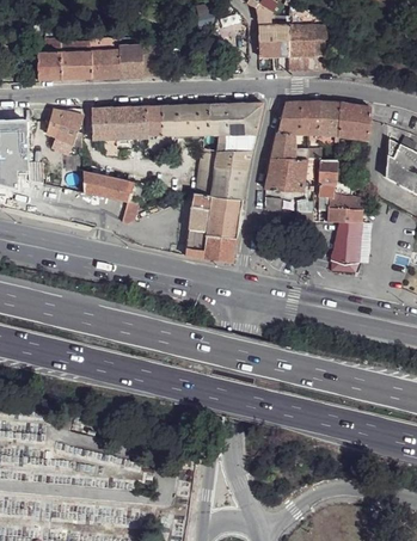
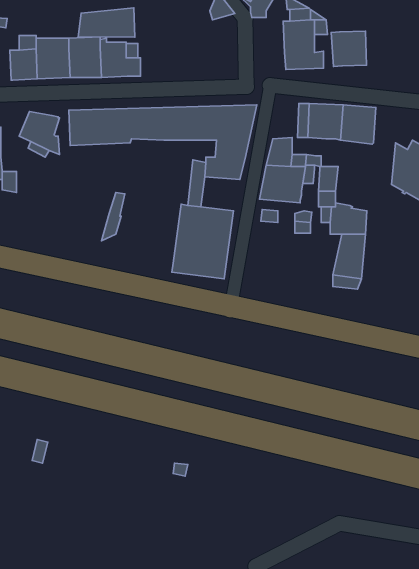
building: none -> [78,8,135,37]
building: [258,26,287,56] -> none
building: none -> [331,31,367,67]
building: [276,102,300,134] -> none
building: [210,168,246,199] -> none
building: [81,171,133,202] -> none

